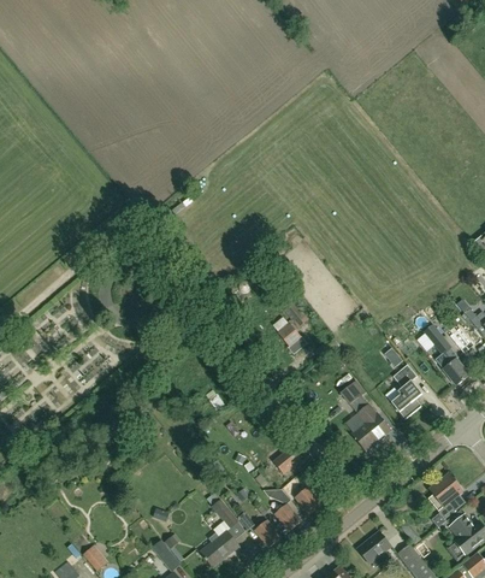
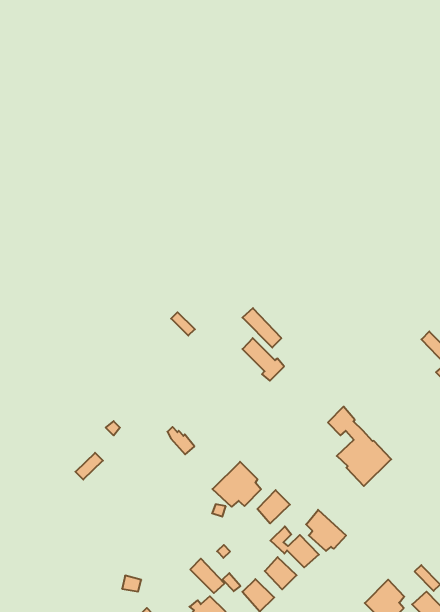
building: [391,365,421,419] -> none
building: none -> [212,462,261,507]
building: none -> [306,510,346,551]

